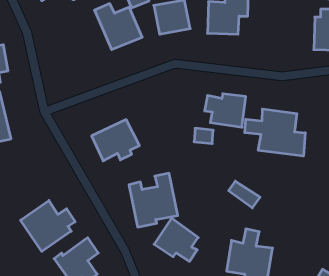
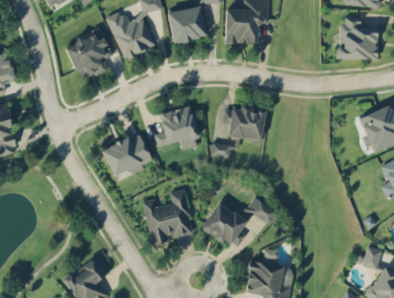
building: none -> [65,28,112,80]
building: none -> [155,105,201,150]
building: [245,109,305,156] -> none
building: [21,200,75,251] -> none
building: [154,218,198,261] -> [201,201,247,246]

